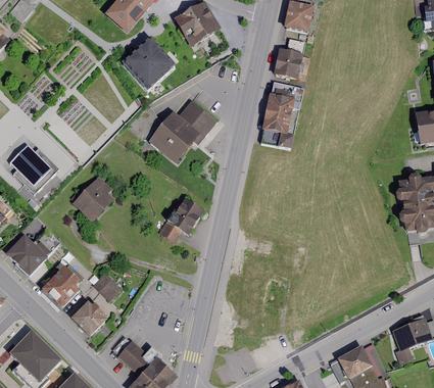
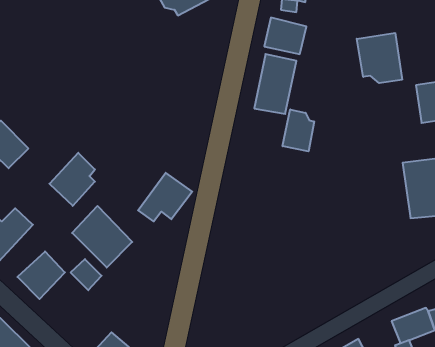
building: [122,42,172,92] -> none
building: none -> [357,33,402,83]
building: [146,99,218,165] -> none
building: none -> [283,109,314,151]
building: none -> [72,206,132,268]
building: [74,301,112,338] -> none

